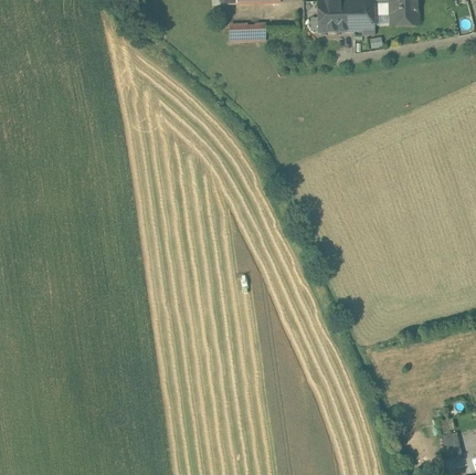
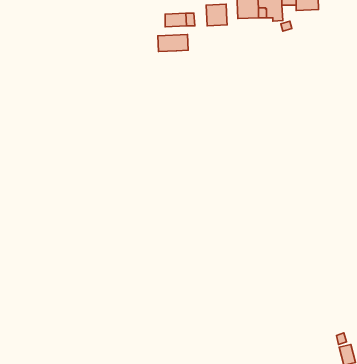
building: none -> [206,4,227,26]
building: none -> [158,35,188,52]

